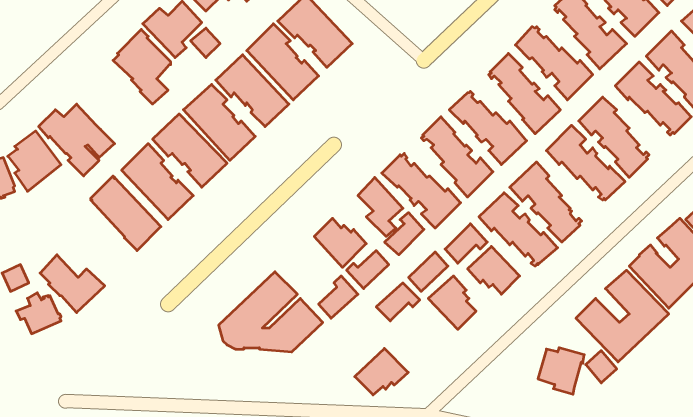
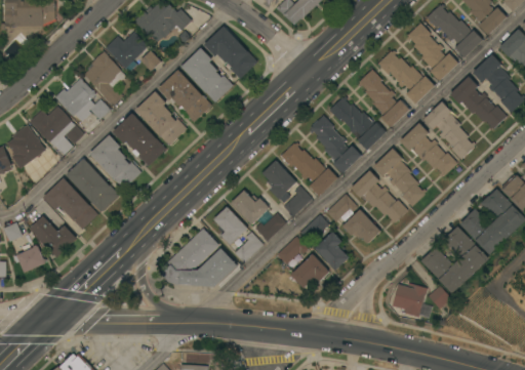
building: none -> [55,79,111,123]
building: none -> [44,178,98,231]
building: none -> [213,206,247,246]
building: [355,348,408,395] -> [290,254,329,288]

